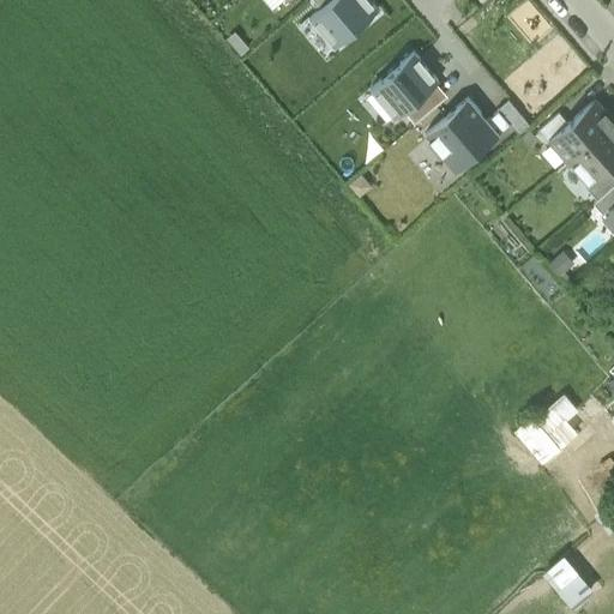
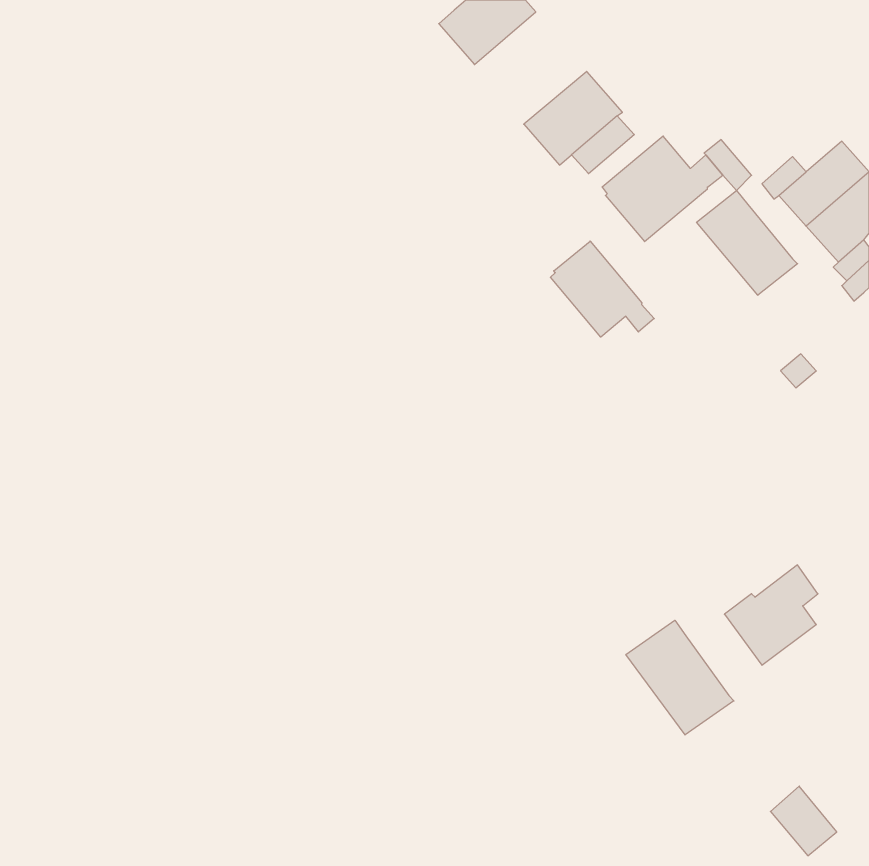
building: none -> [697,191,798,295]
building: none -> [550,241,654,337]
building: none -> [626,620,734,735]

